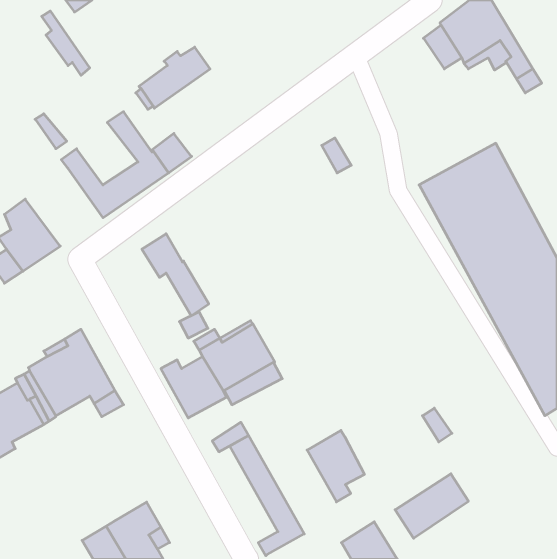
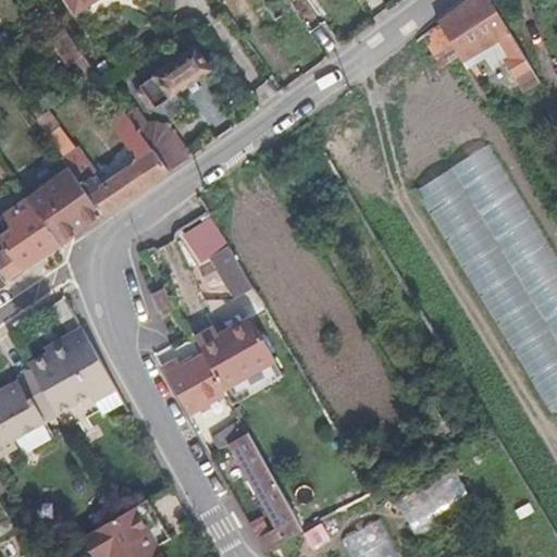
building: none -> [25,168,102,245]
building: [142,234,209,316] -> [185,219,251,300]
building: [307,430,364,502] -> none

